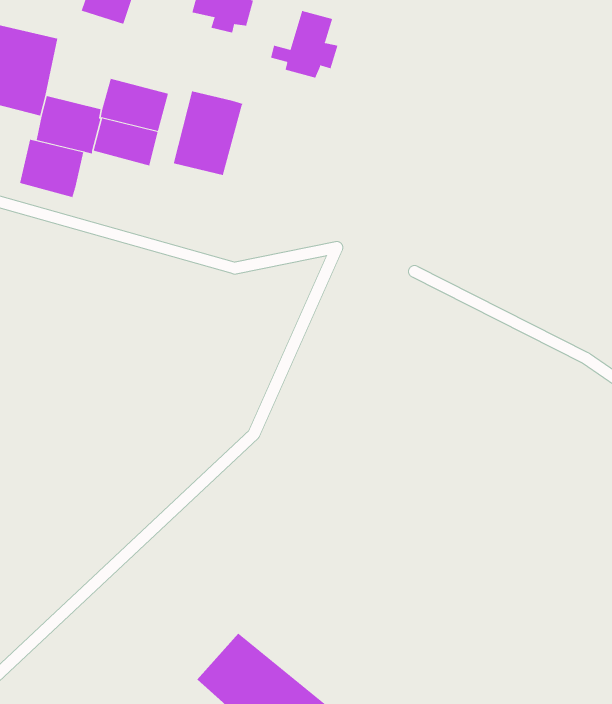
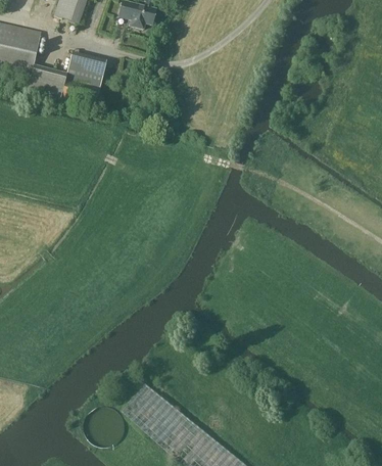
building: [270,10,338,78] -> none
building: [173,90,243,176] -> none
building: [19,139,84,198] -> none

